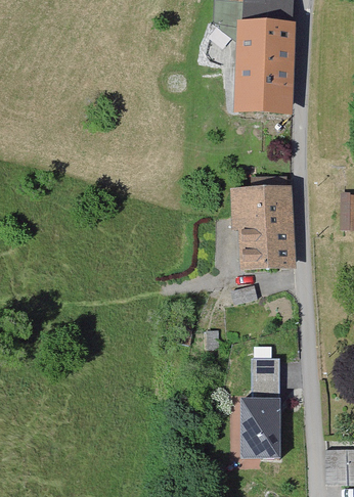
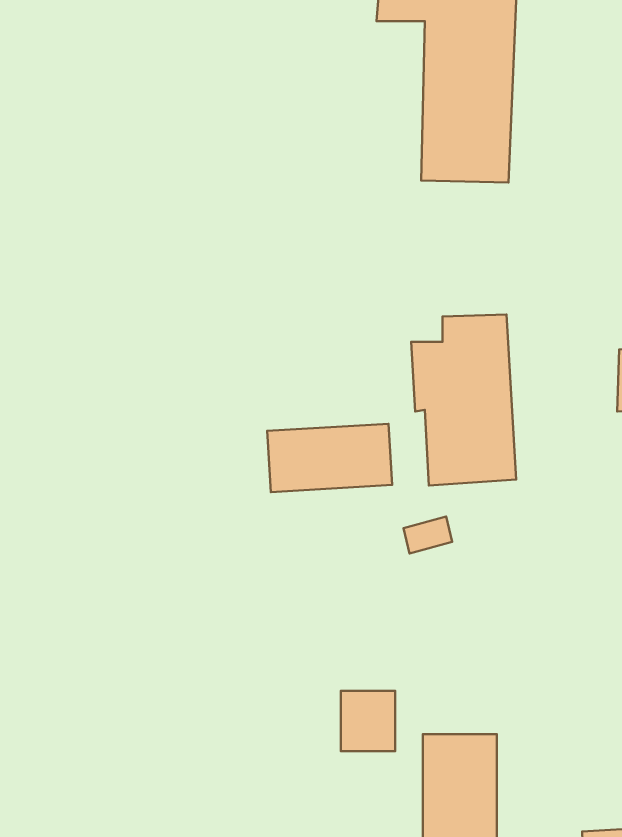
building: none -> [267,424,392,492]
building: [252,358,280,390] -> [341,691,395,751]

